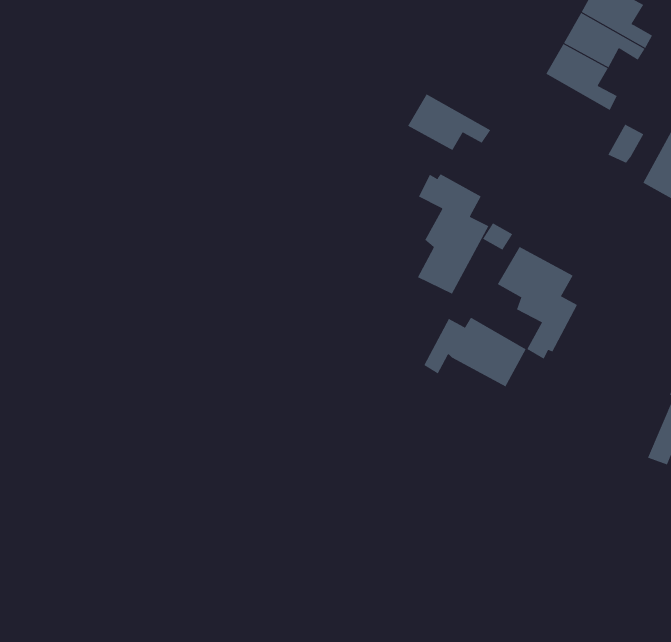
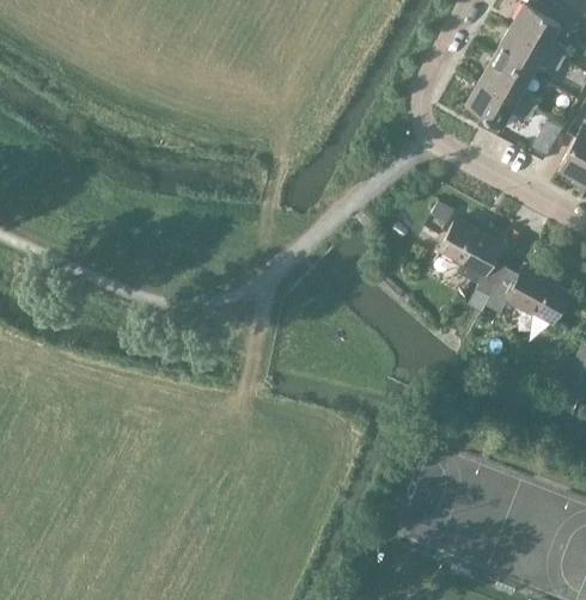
building: [407,93,491,151] -> [465,81,533,128]
building: [417,173,489,295] -> none
building: [423,317,526,387] -> [487,268,570,325]

